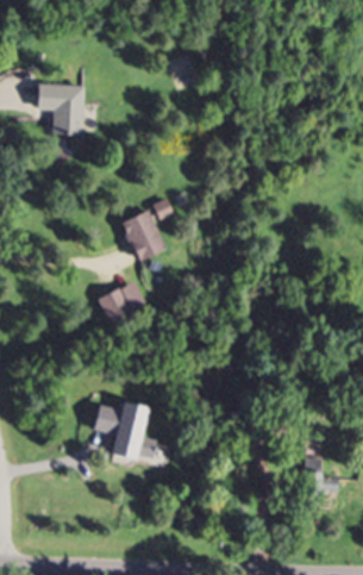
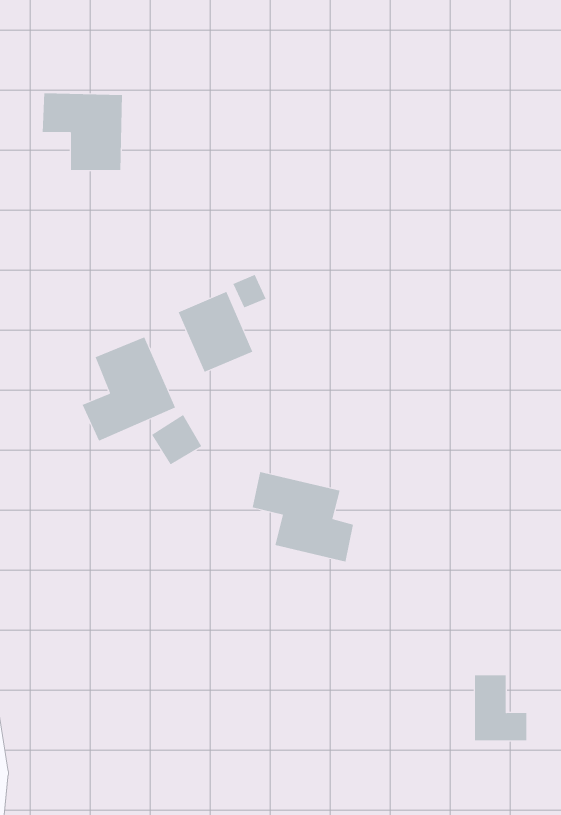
building: none -> [82,337,176,441]
building: [93,406,157,463] -> [252,472,354,562]

